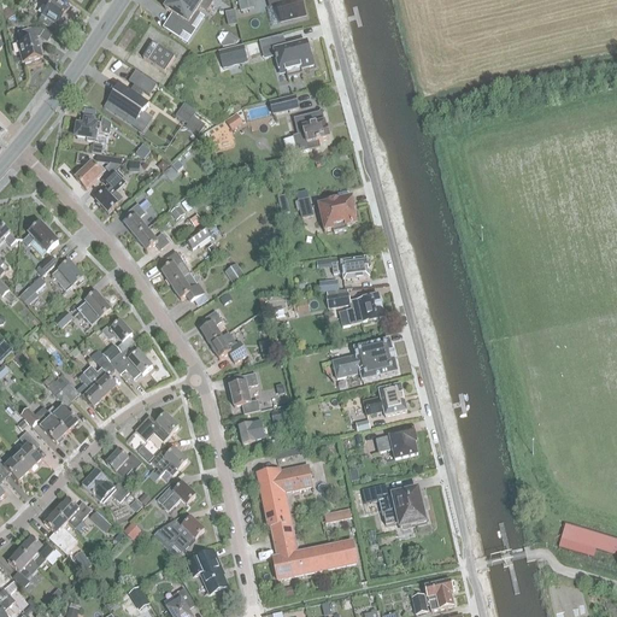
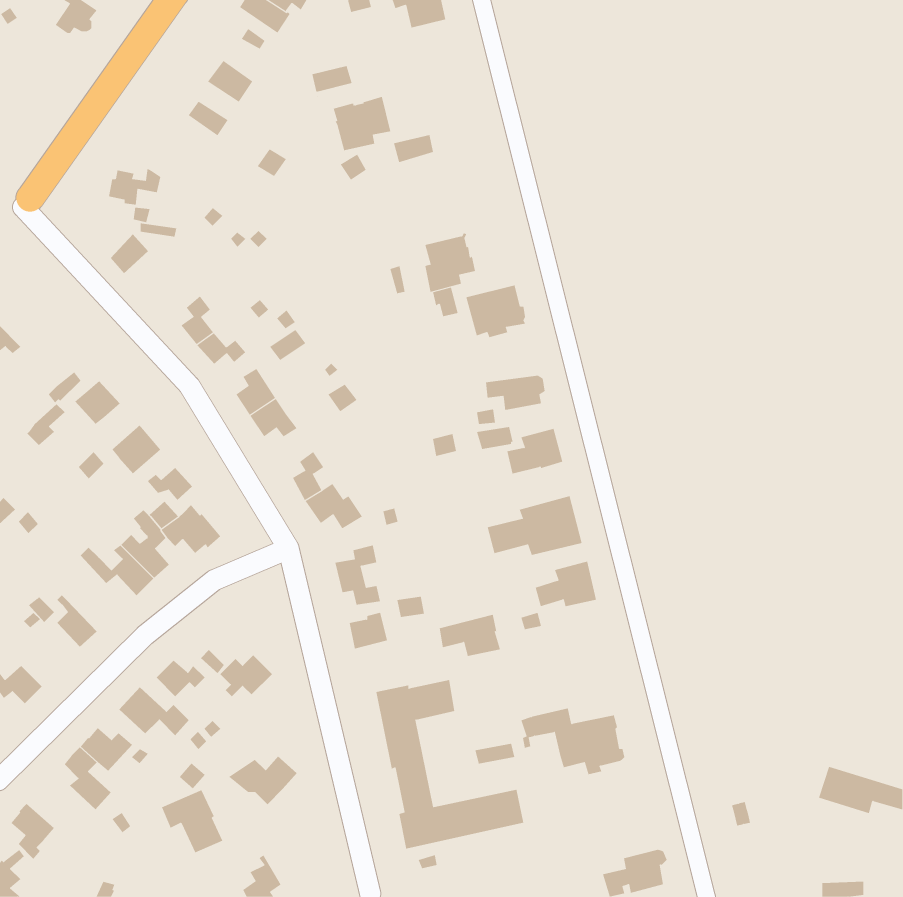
building: [16,25,41,61] -> none
building: [272,39,312,76] -> [333,96,391,151]
building: [105,81,146,116] -> none
building: [293,110,328,151] -> [425,232,476,293]
building: [94,169,123,210] -> none
building: [22,221,58,254] -> none
building: [46,378,77,430] -> none
building: [134,411,177,440] -> none
building: [375,428,417,457] -> [439,614,501,657]
building: [14,429,41,468] -> none
building: [153,480,193,511] -> none
building: [18,535,54,564] -> none
building: [184,550,227,593] -> [161,790,223,853]

